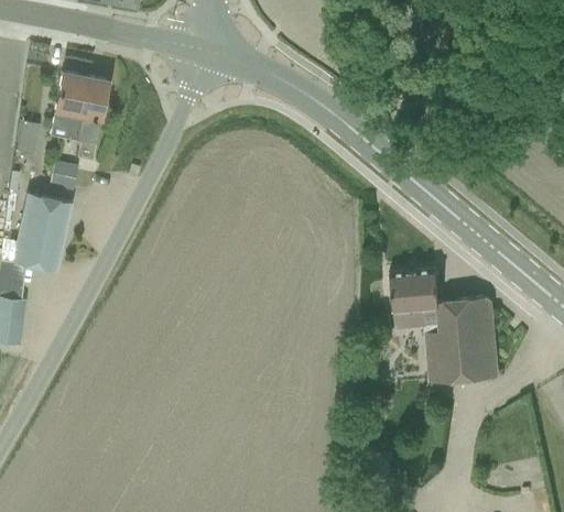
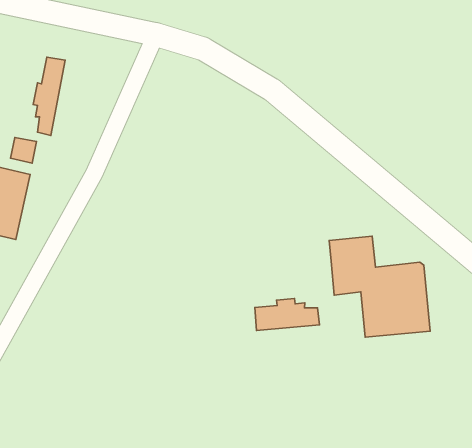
building: [50,70,88,140] -> none
building: none -> [255,298,319,331]

